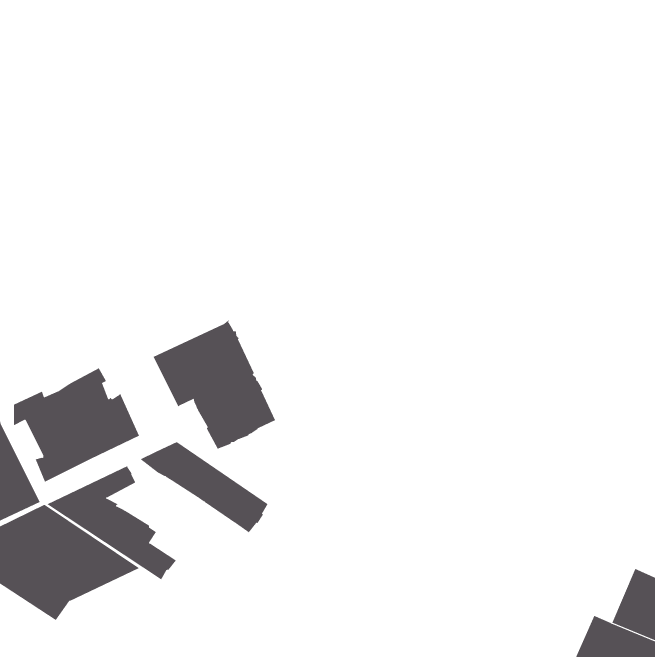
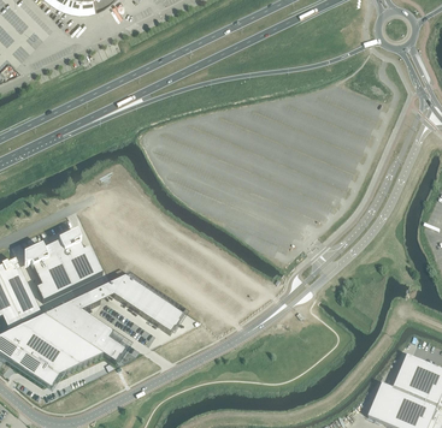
building: [153,319,276,450] -> none

